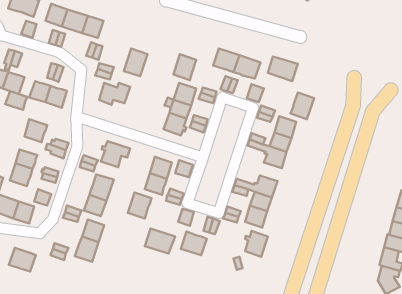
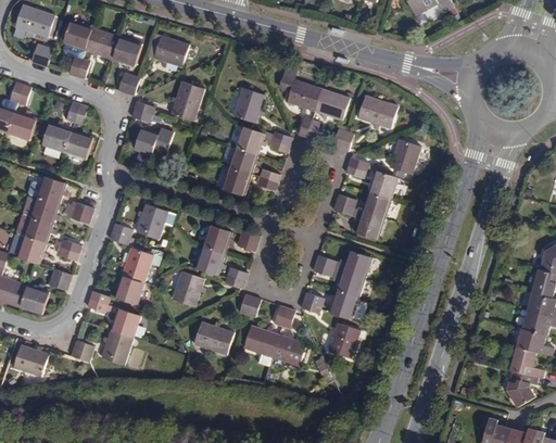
building: none -> [153,36,188,67]
building: [5,91,27,110] -> [28,198,58,223]
building: none -> [270,334,306,365]

